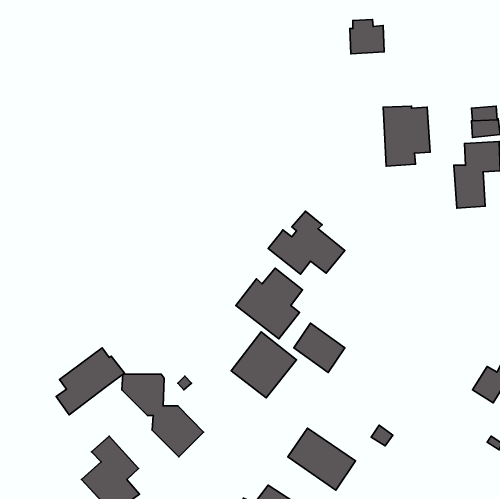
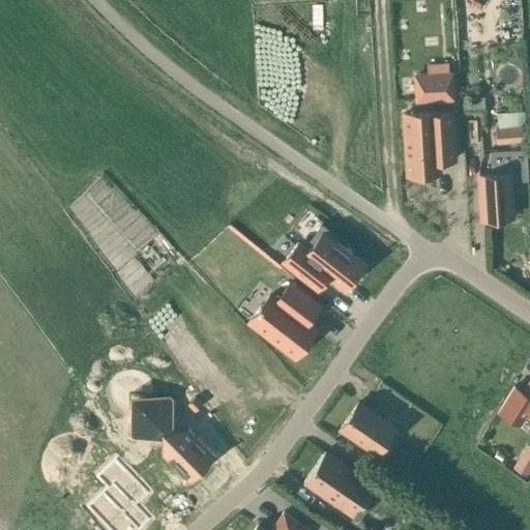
building: [350,20,384,54] -> [417,68,453,105]
building: [294,323,345,372] -> [342,406,395,458]
building: [231,332,296,398] -> none
building: [56,348,124,415] -> none

